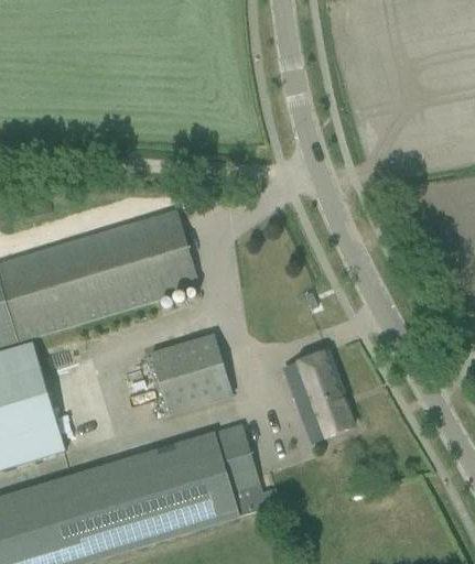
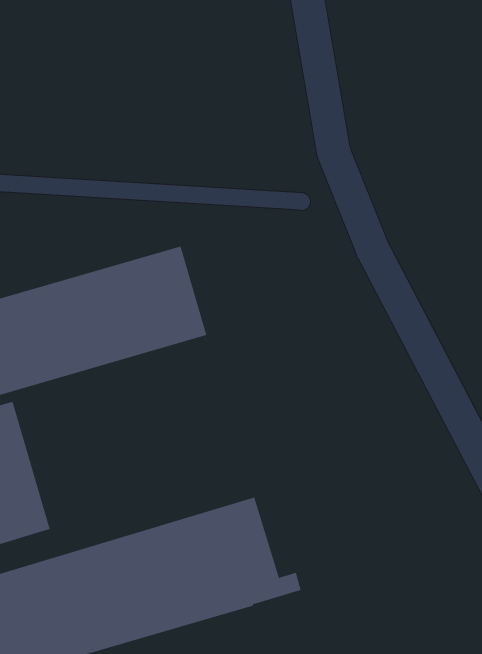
building: [148,325,234,417] -> none
building: [284,351,353,436] -> none

